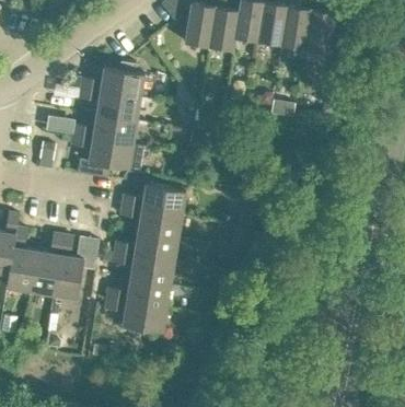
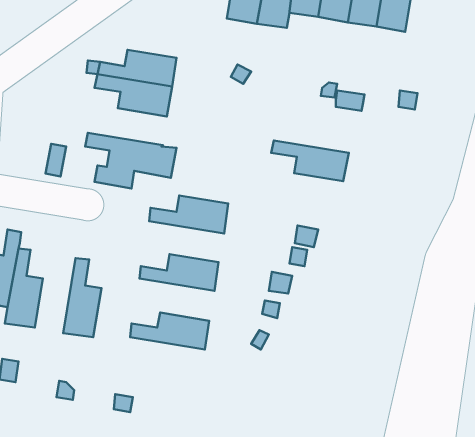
building: [73,114,137,143] -> none
building: [120,205,183,237] -> [271,140,349,181]
building: [31,232,63,294] -> none
building: [113,251,175,284] -> none
building: [105,298,167,332] -> none

